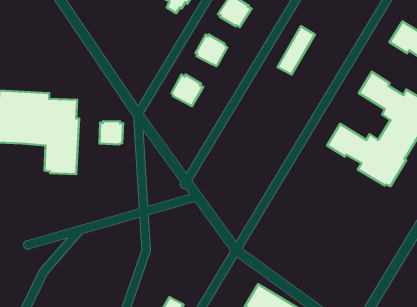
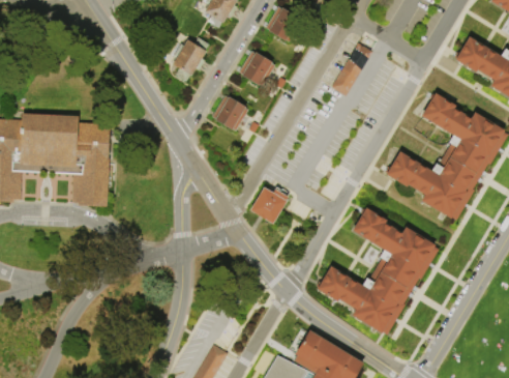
building: none -> [174,36,208,81]
building: [100,121,123,144] -> none
building: none -> [249,187,288,224]
building: none -> [318,207,438,336]

